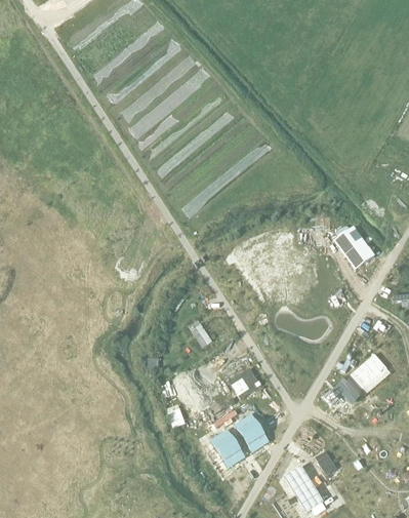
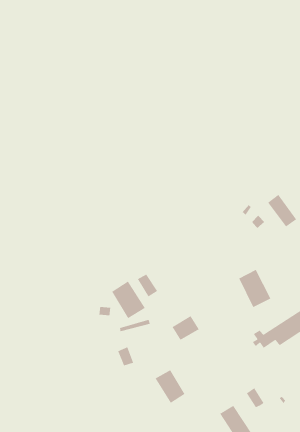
building: none -> [238,269,271,308]
building: none -> [111,280,146,319]
building: [234,412,269,452] -> none

